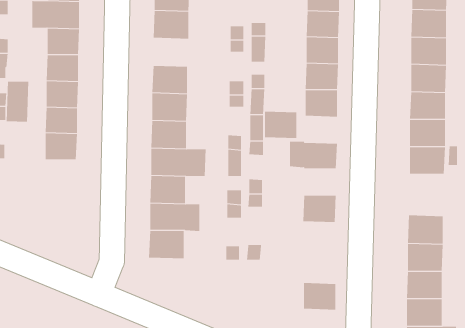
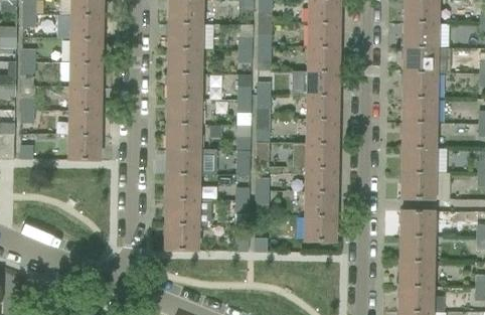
building: none -> [169,48,202,74]
building: [6,81,29,122] -> none
building: [264,111,297,139] -> [308,120,338,145]
building: none -> [307,168,337,192]
building: none -> [402,173,436,199]
building: [303,283,336,310] -> [306,216,336,242]

